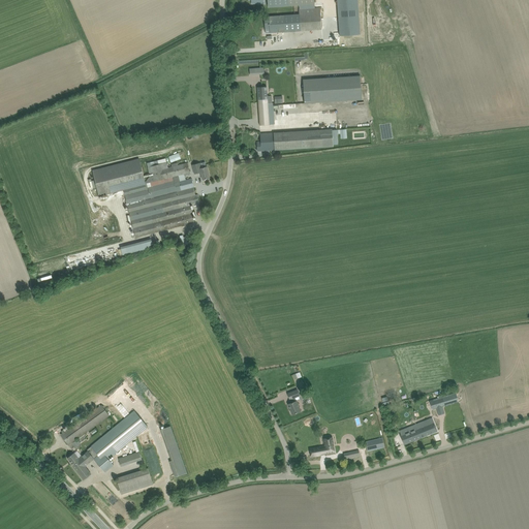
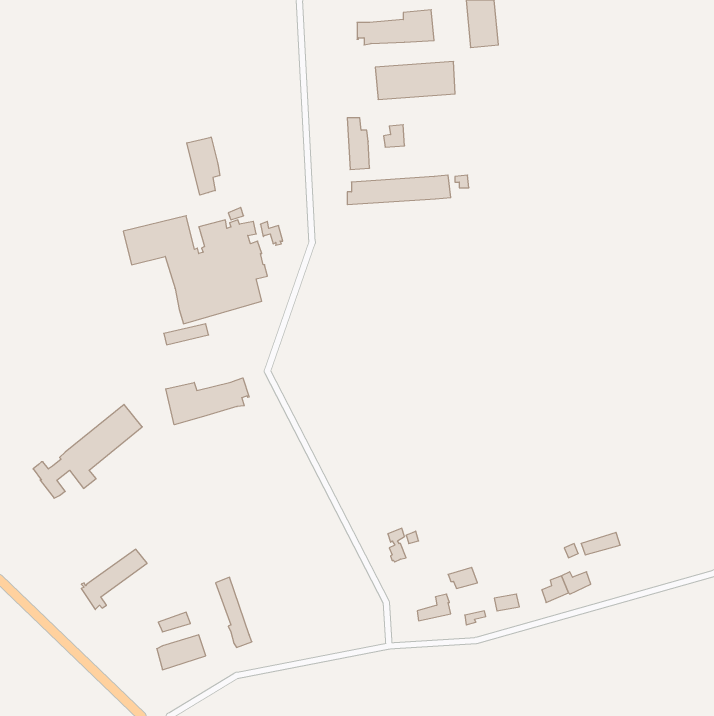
building: [302,75,361,103] -> [375,62,455,99]
building: none -> [187,137,220,195]
building: none -> [166,378,249,425]
building: [66,410,147,479] -> [33,404,142,498]

